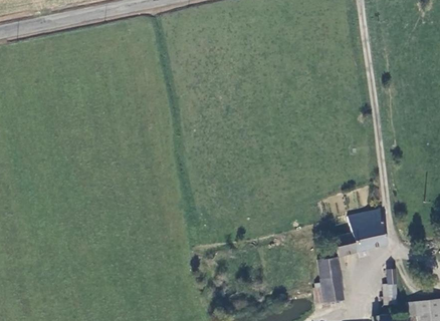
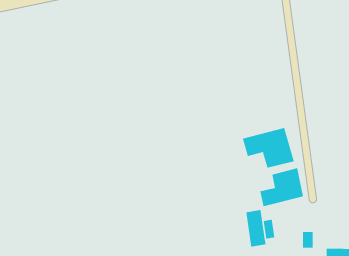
building: none -> [242,127,295,168]

